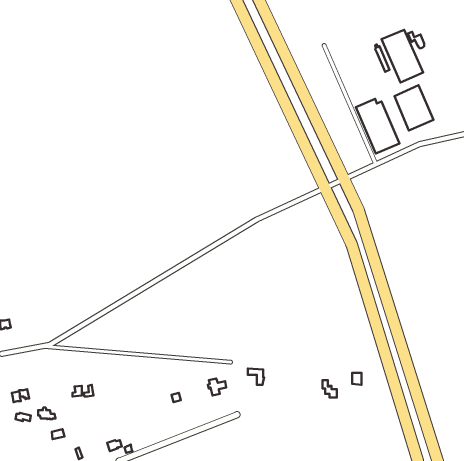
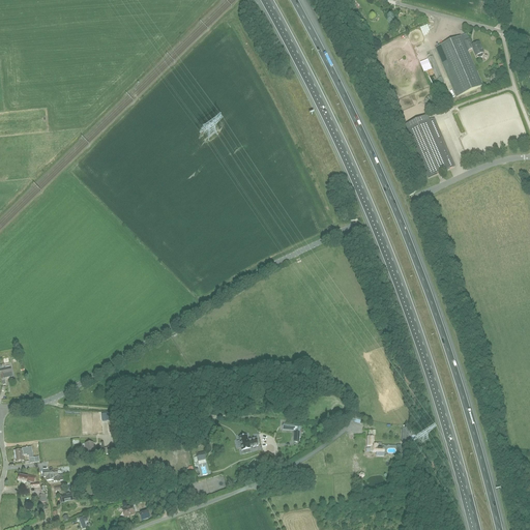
building: [394,85,433,130] -> none

